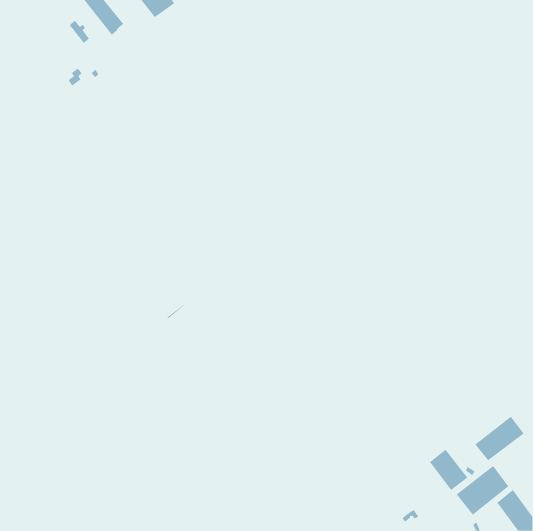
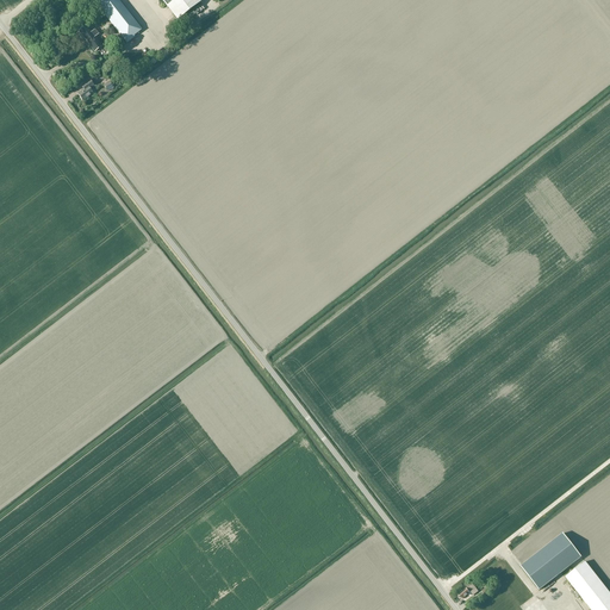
building: [475,416,524,461] -> none
building: [429,449,468,491] -> none

